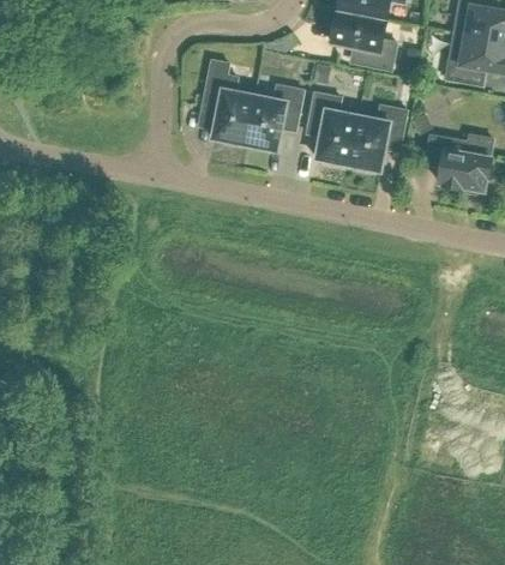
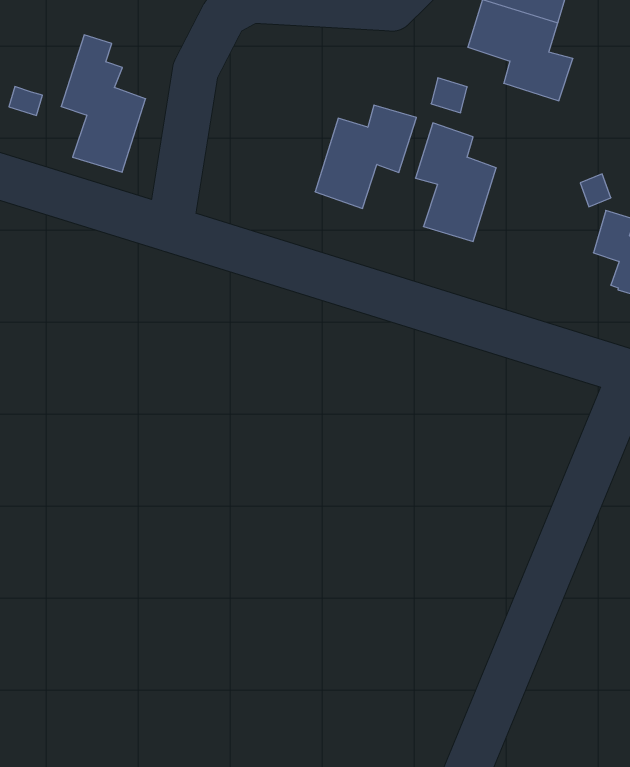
building: [202,60,254,144] -> [61,35,146,172]
building: [348,106,407,172] -> none

